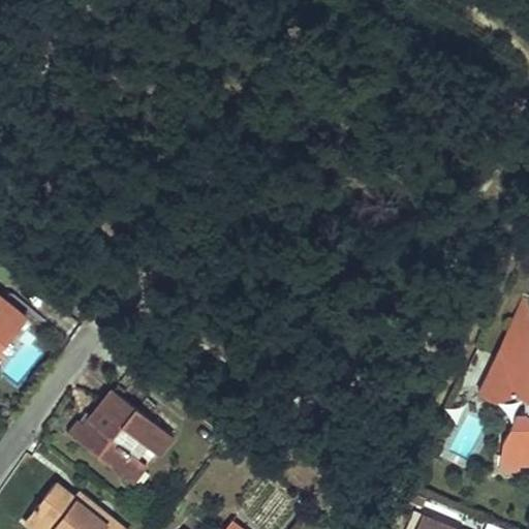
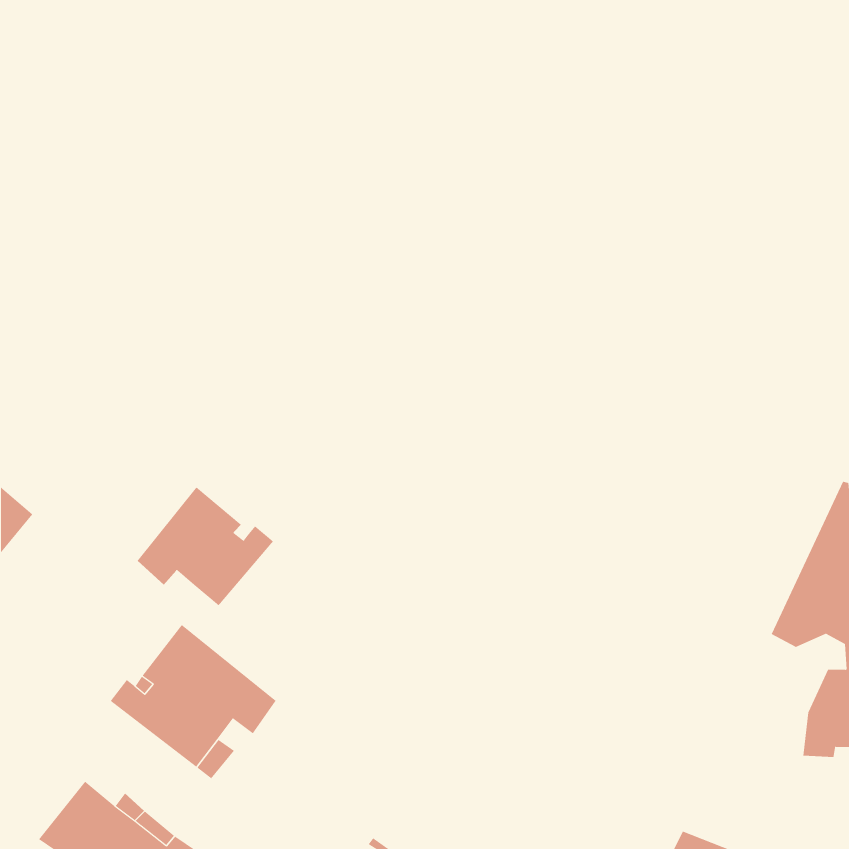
building: none -> [137,487,274,606]

